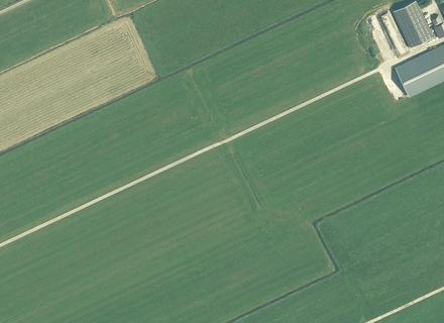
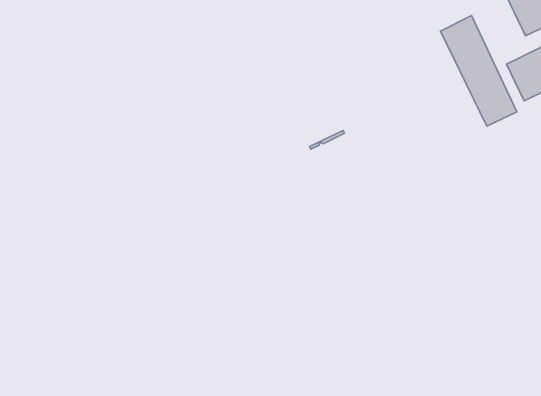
building: none -> [441,16,517,126]

